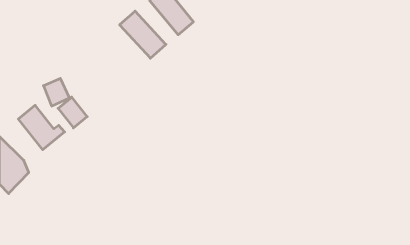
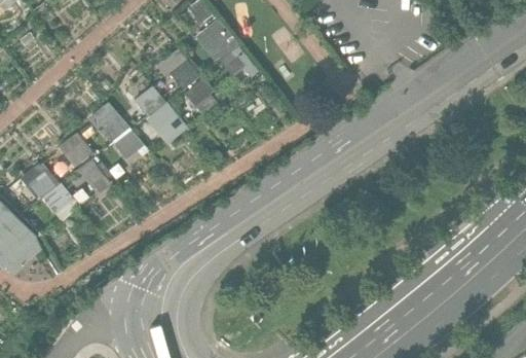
building: none -> [132,83,186,140]
building: none -> [86,99,144,159]

